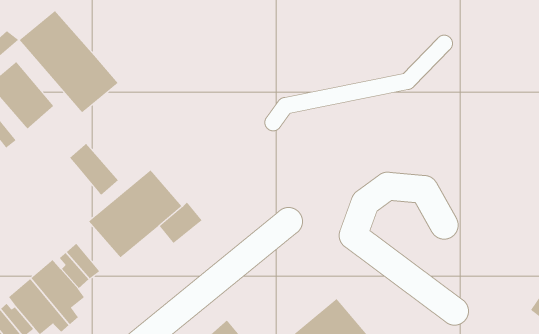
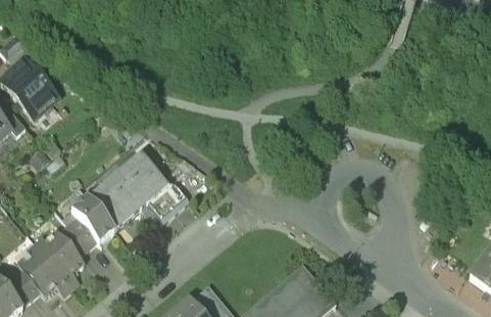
building: [19,10,118,113] -> none
building: [69,142,119,195] -> [71,197,114,243]

